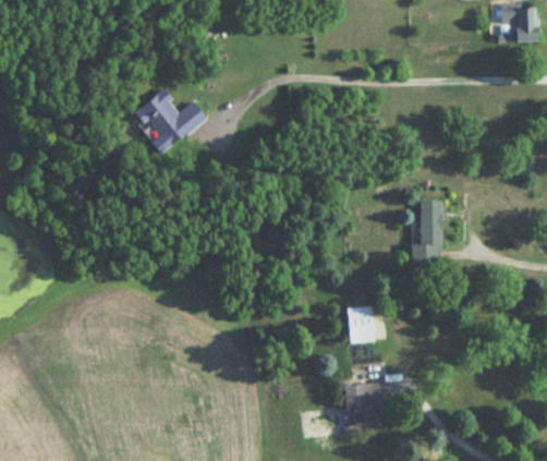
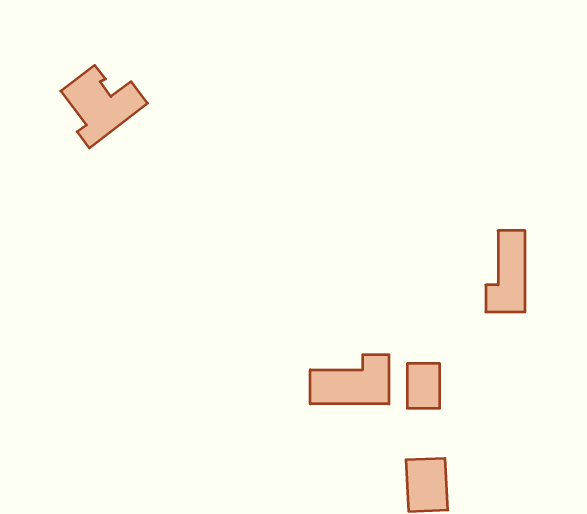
building: [137,87,207,154] -> [61,65,148,148]
building: none -> [310,355,389,404]

